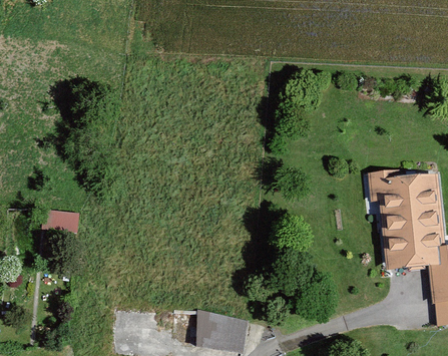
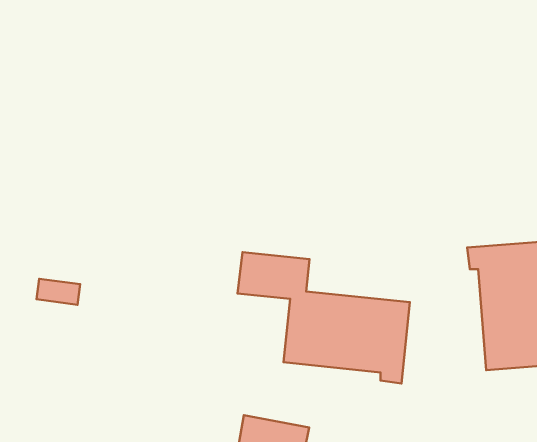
building: none -> [238,252,410,384]

